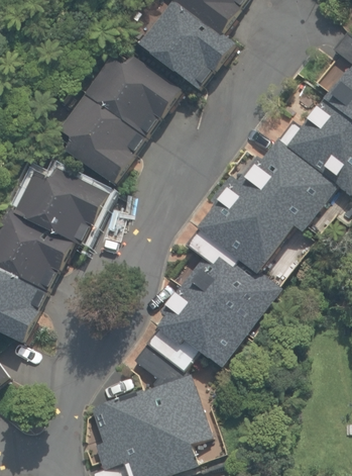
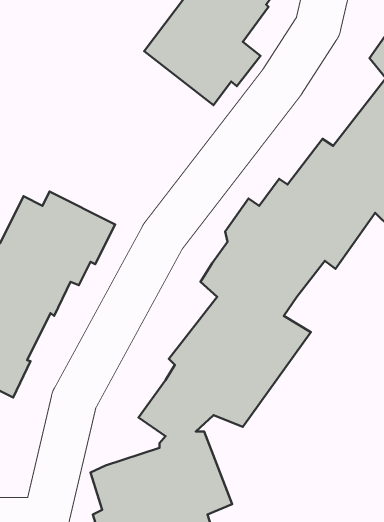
building: [57,51,187,187] -> none

